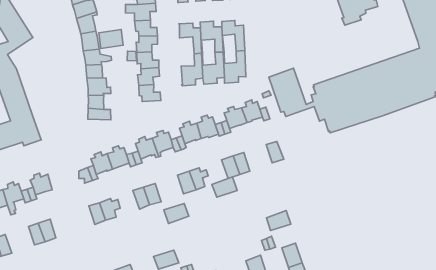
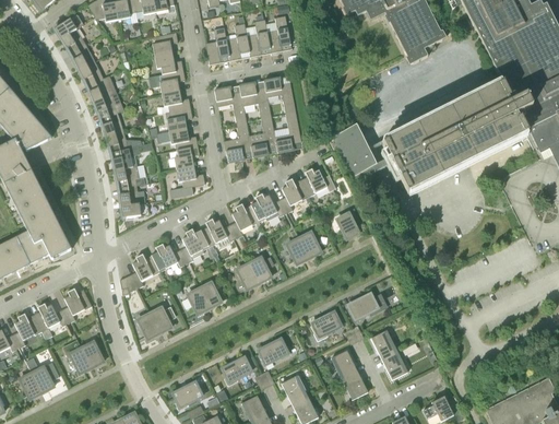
building: [99,30,123,48] -> none
building: [212,177,237,197] -> [311,311,342,338]
building: [164,203,189,224] -> [258,339,288,365]

